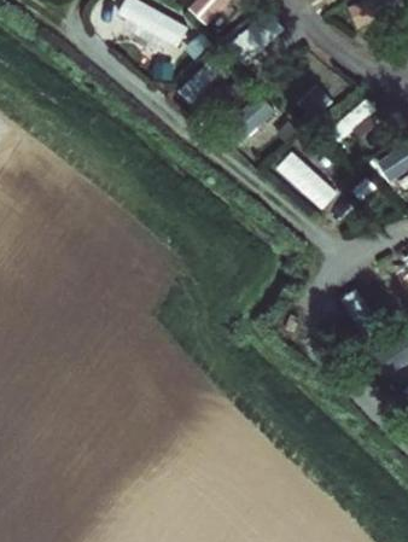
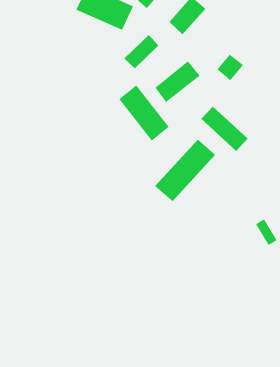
building: none -> [118,84,170,142]
building: none -> [154,139,216,202]

